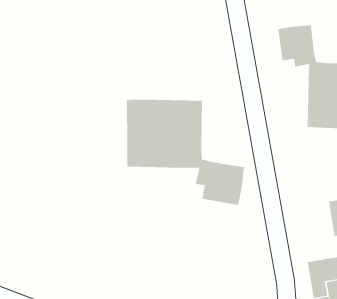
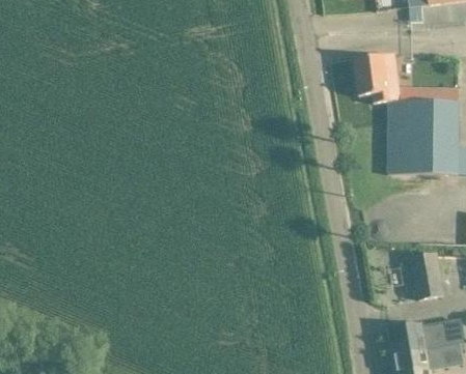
building: [127,99,245,206] -> none

